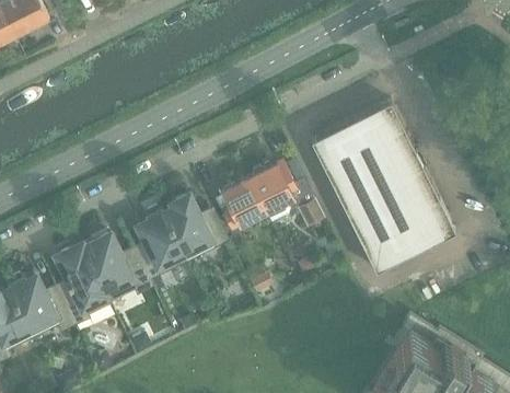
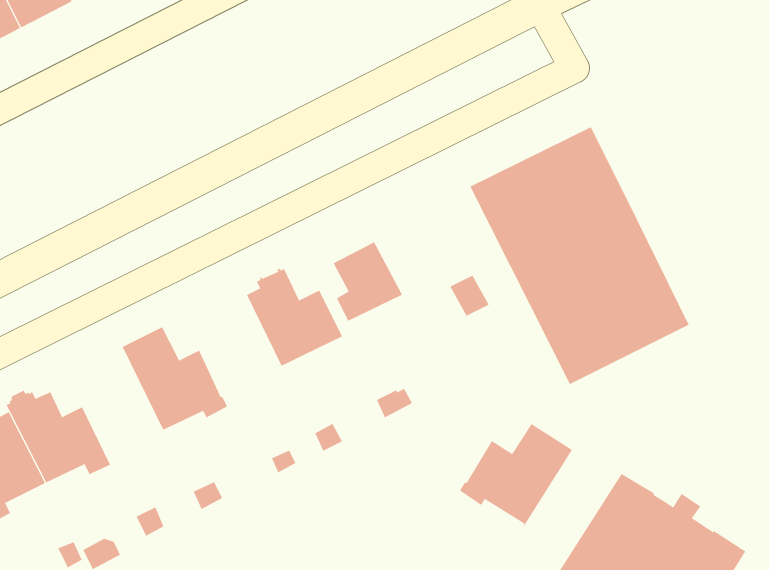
building: [247,159,295,221] -> none
building: [132,206,186,278] -> none
building: [56,243,109,323] -> none
building: none -> [459,423,574,527]

